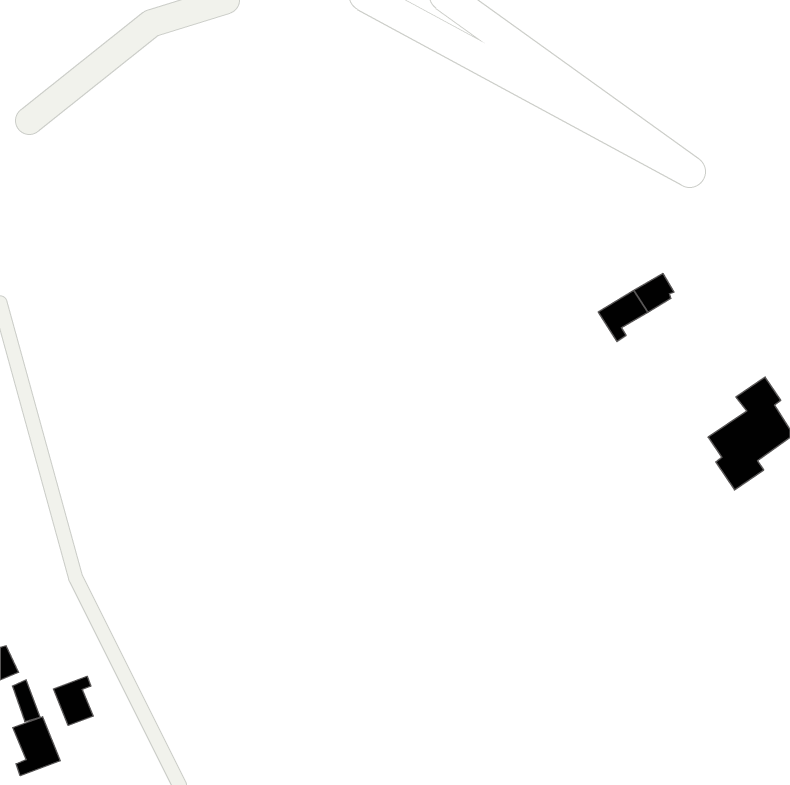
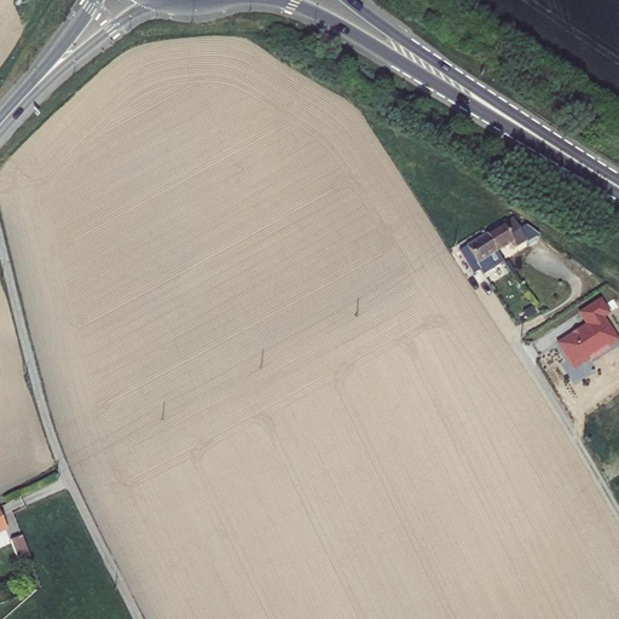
building: [54,676,93,725] -> none
building: [13,717,60,776] -> none

